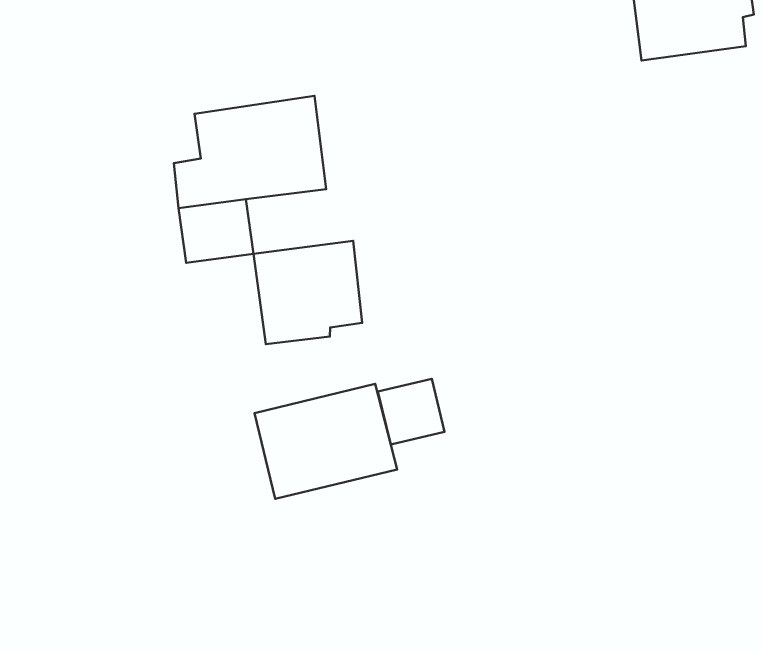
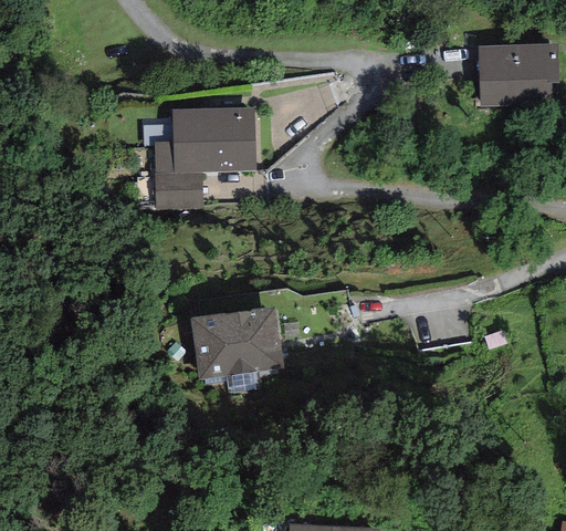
building: [253,241,362,344] -> none
building: [378,379,445,445] -> none

